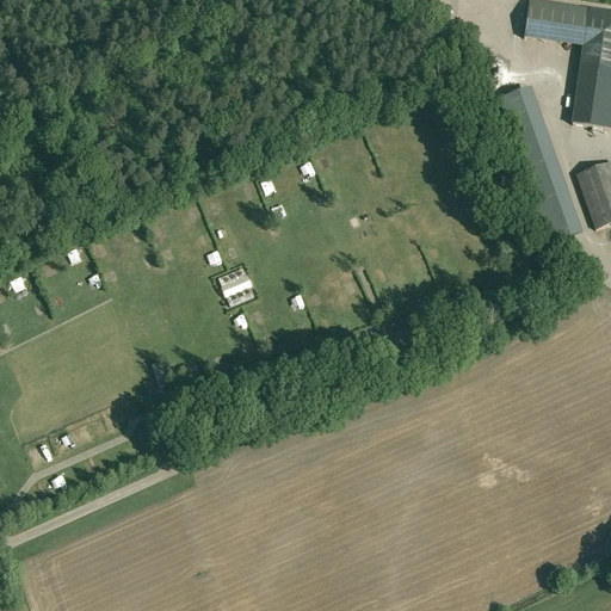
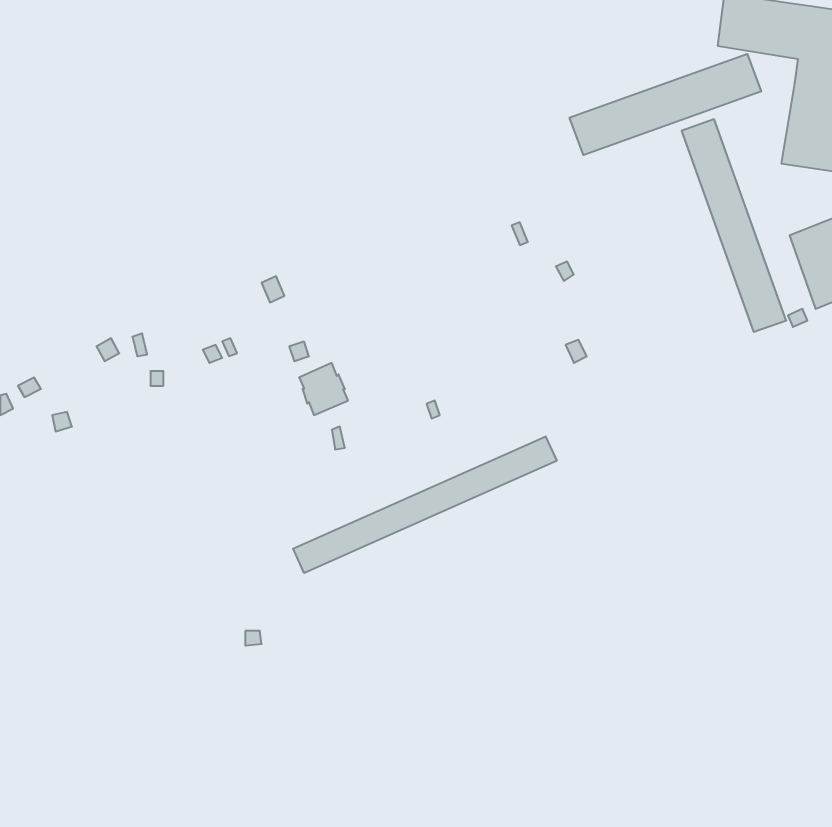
building: none -> [570,54,761,155]
building: none -> [293,436,557,573]

